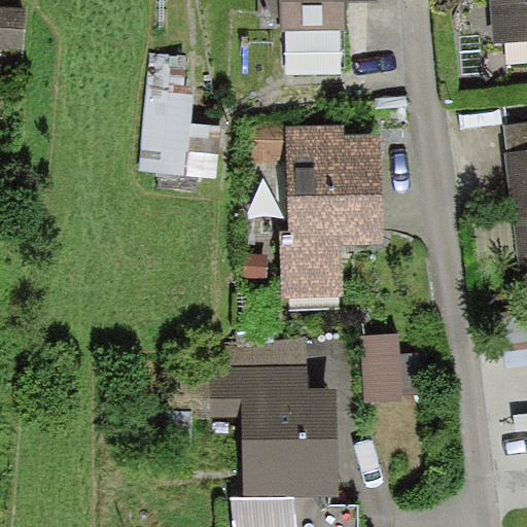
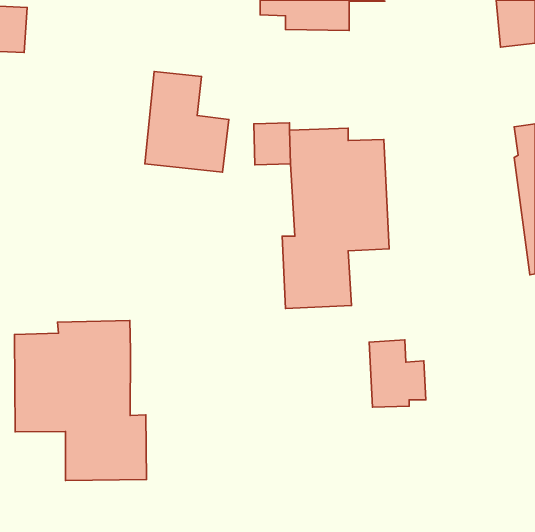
building: none -> [15,321,147,480]
building: [211,348,340,500] -> none

